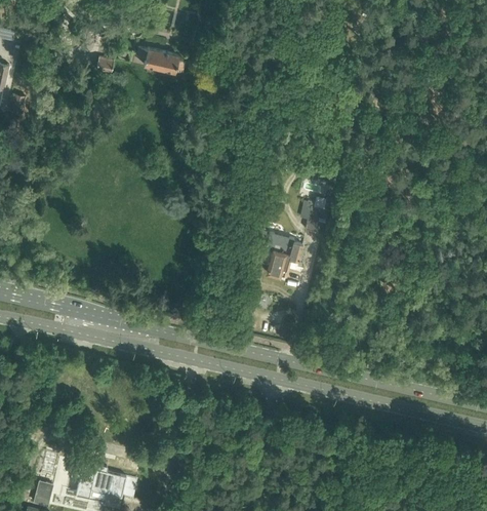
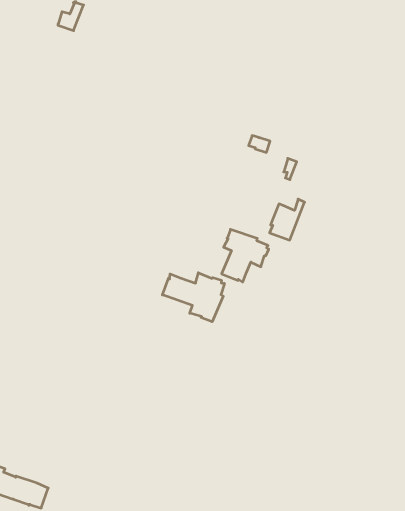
building: [135,48,184,74] -> none
building: none -> [162,273,224,322]

